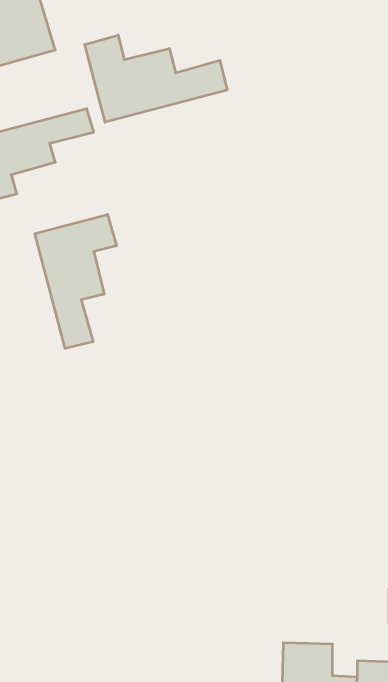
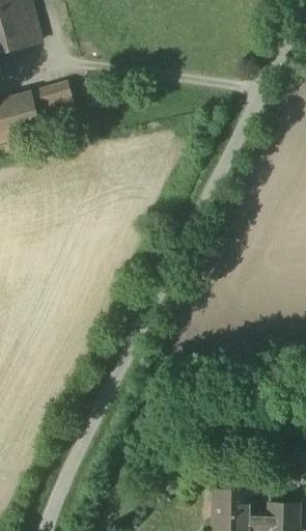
building: [85,35,227,122] -> none
building: [35,214,116,348] -> none

